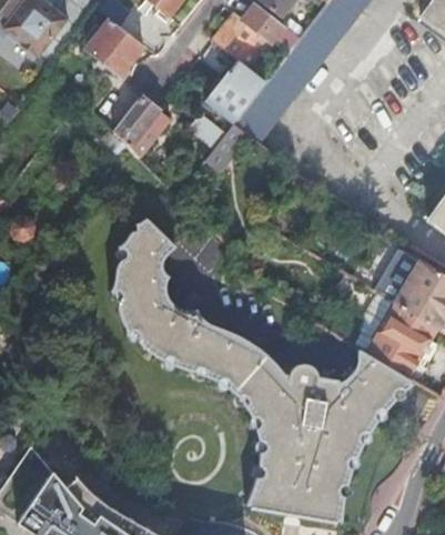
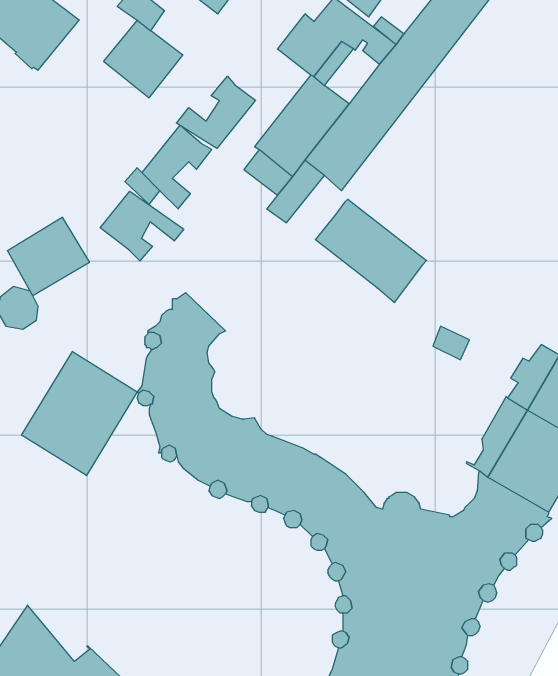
building: none -> [176,76,256,148]
building: none -> [100,191,184,261]
building: none -> [315,199,427,303]
building: none -> [7,217,89,296]
building: none -> [22,351,137,476]

